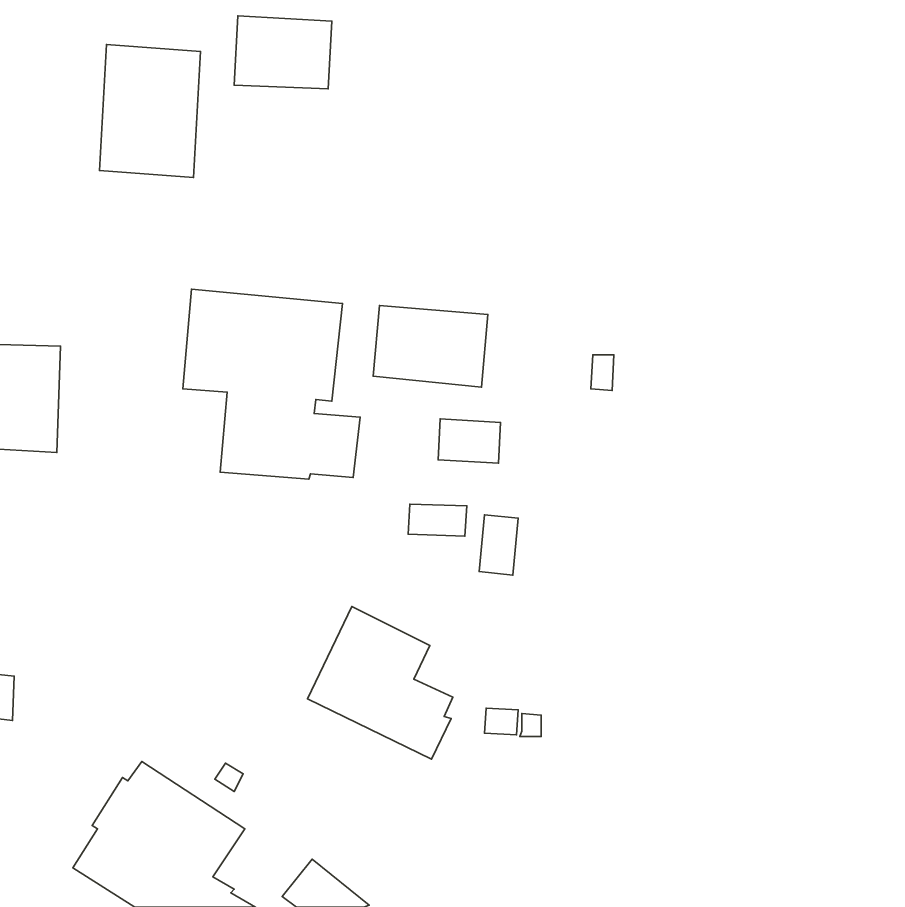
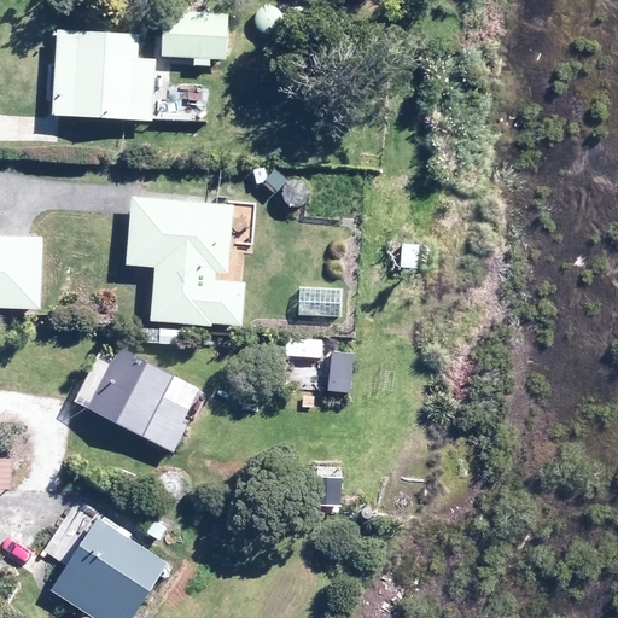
building: [373,305,488,387] -> none
building: [307,607,453,759] -> [88,348,187,451]

